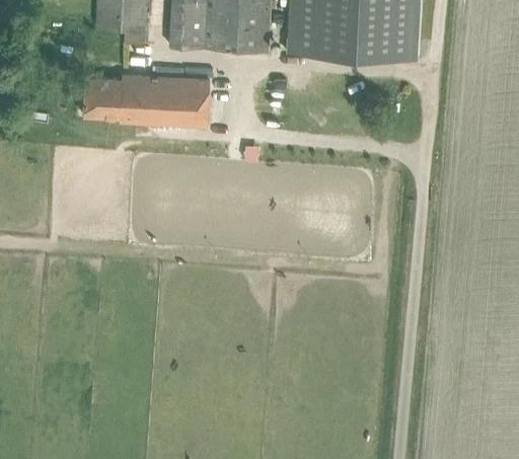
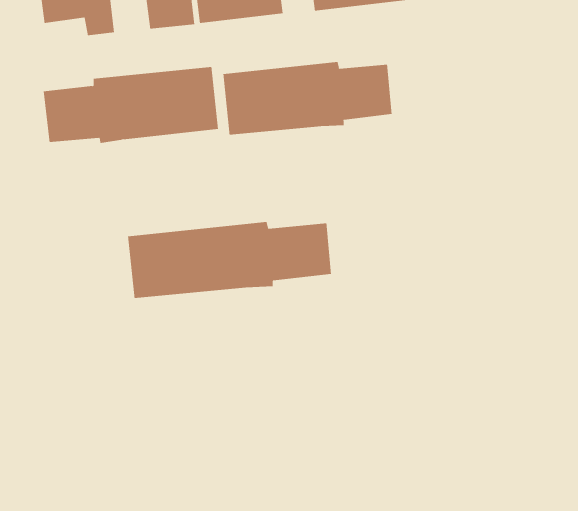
building: none -> [223,61,392,135]
building: none -> [128,221,331,299]

